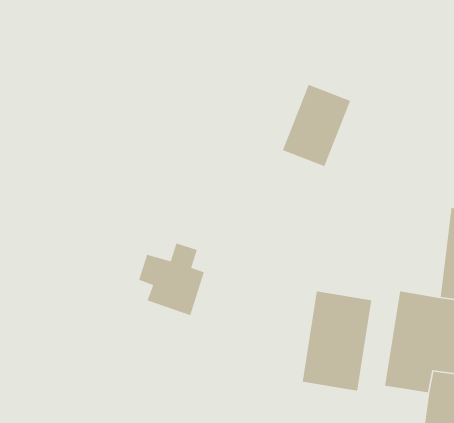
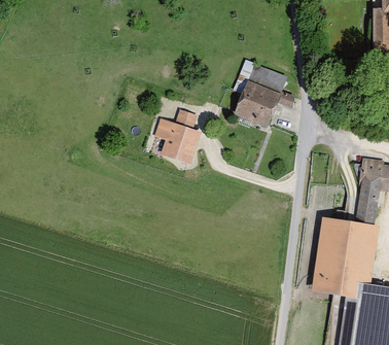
building: [138,243,205,316] -> [153,109,203,164]
building: [302,291,372,391] -> none

